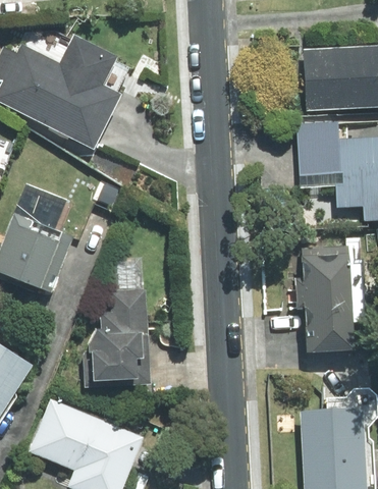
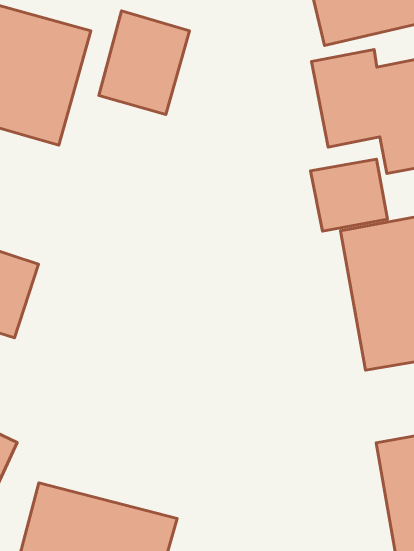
building: none -> [99,11,189,114]
building: none -> [310,159,388,231]
building: [91,292,146,379] -> none

